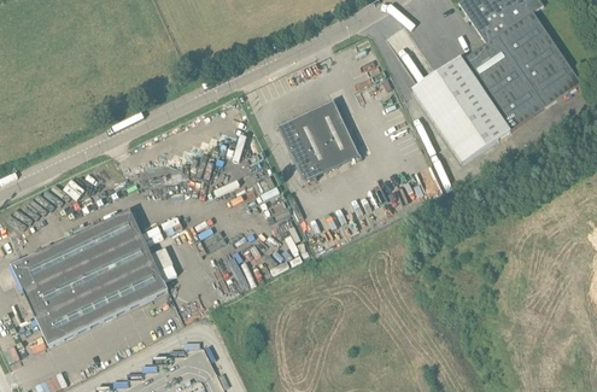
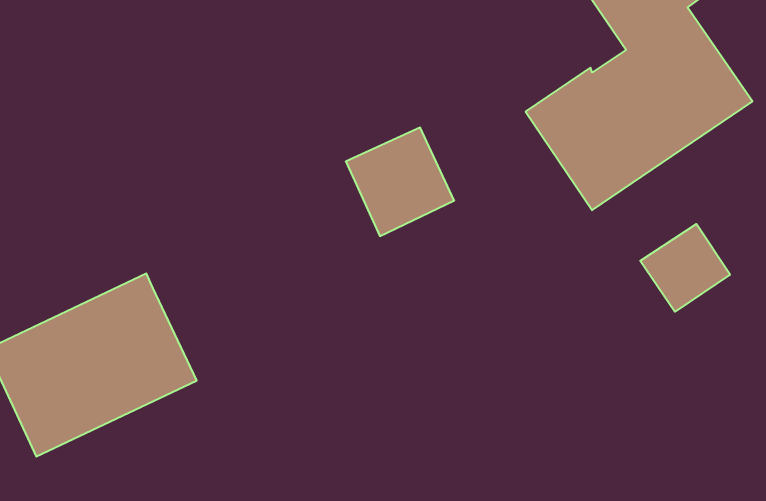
building: none -> [640,224,730,312]

